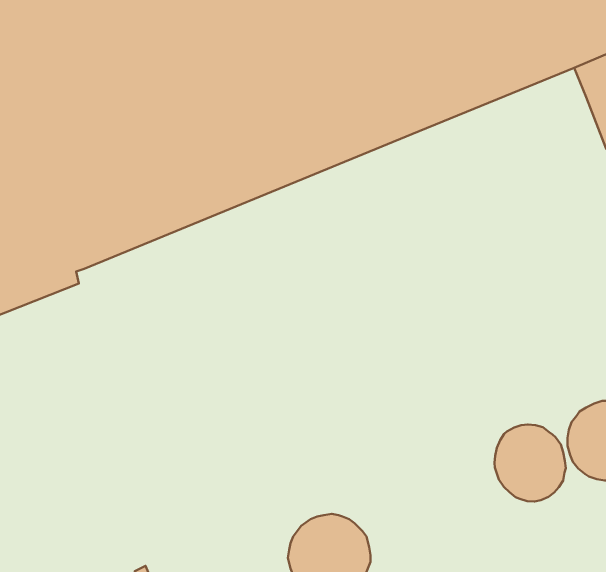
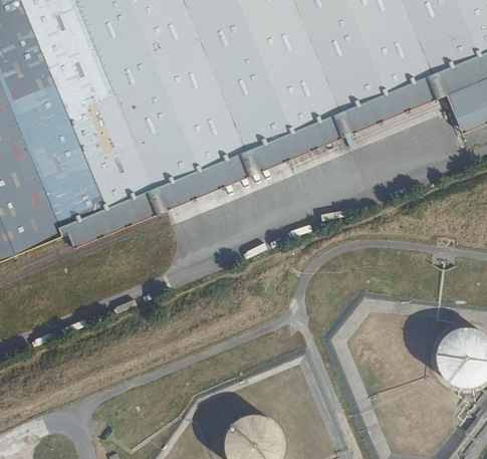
building: none -> [69,73,448,247]
building: [495,424,566,502] -> none

